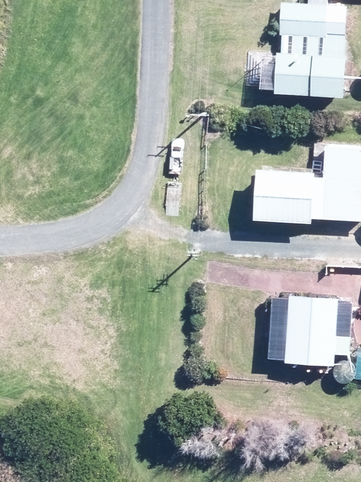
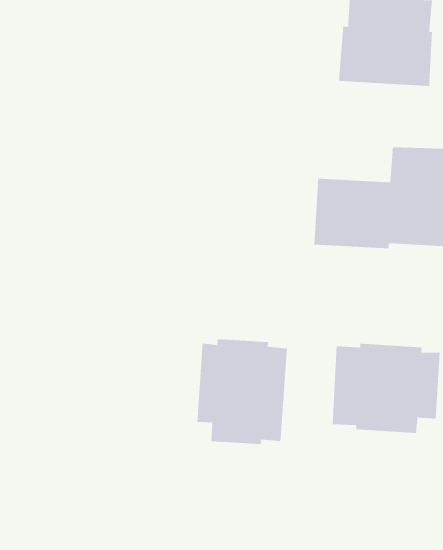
building: none -> [197,338,287,445]

